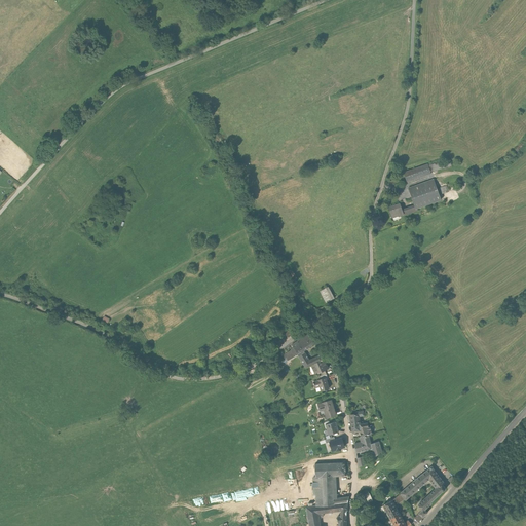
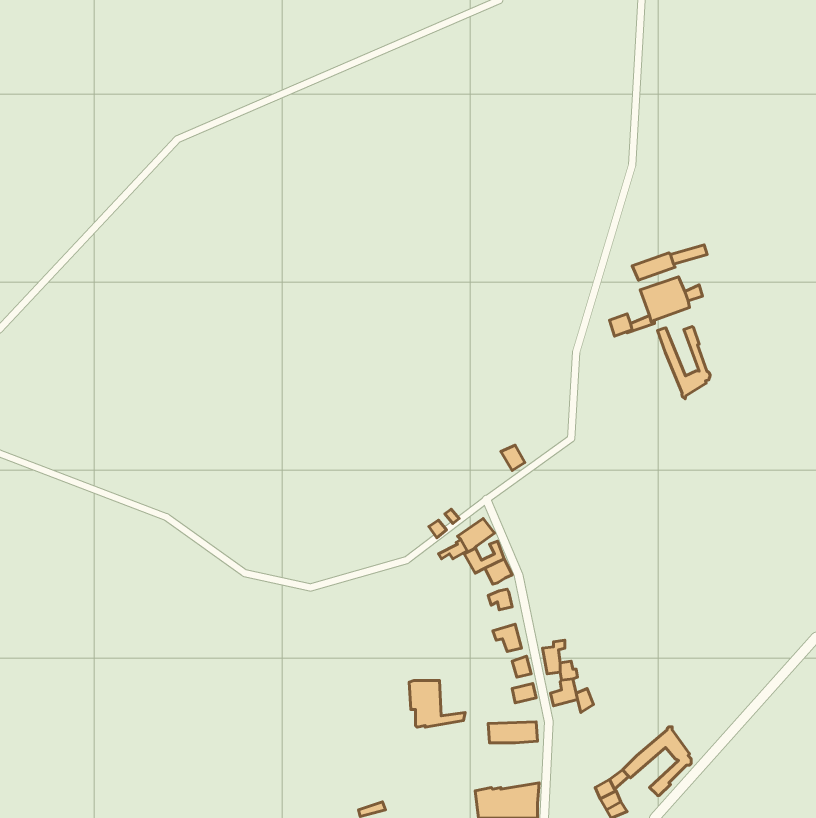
building: none -> [657,327,710,399]
building: [311,477,347,506] -> [409,681,465,727]

